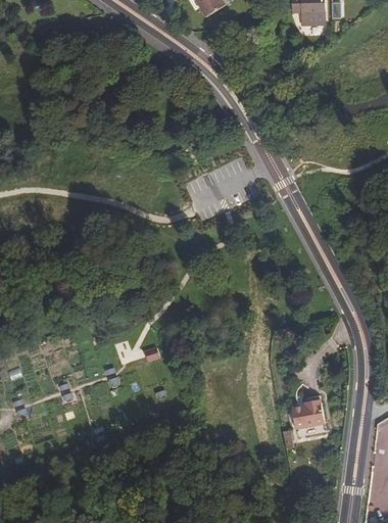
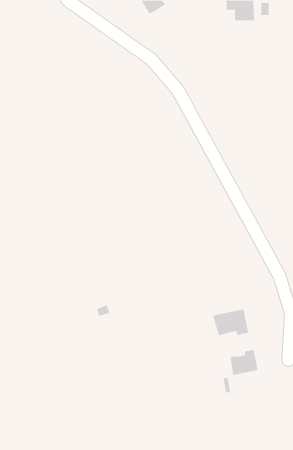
building: none -> [212,308,249,336]

